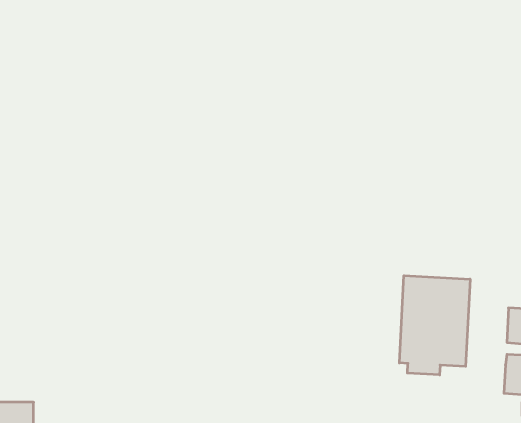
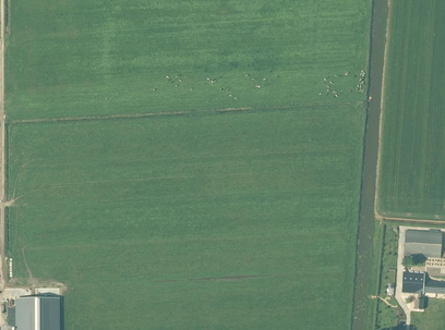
building: [399,276,470,375] -> none

